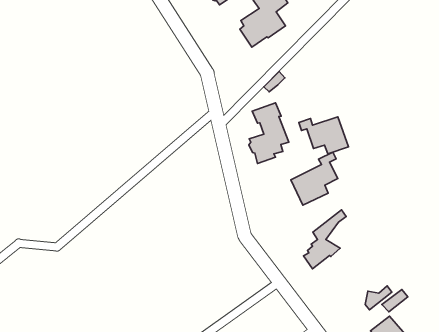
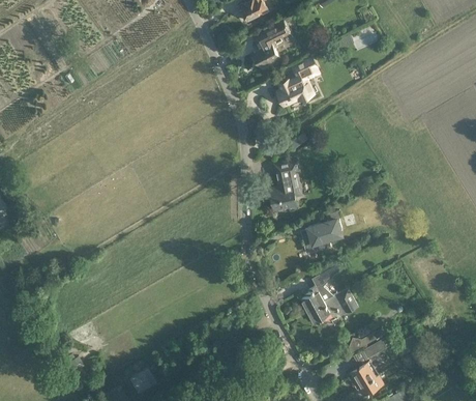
building: [299,117,348,154] -> none
building: none -> [307,289,358,325]

